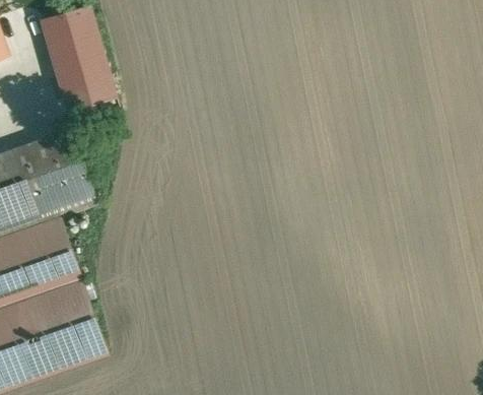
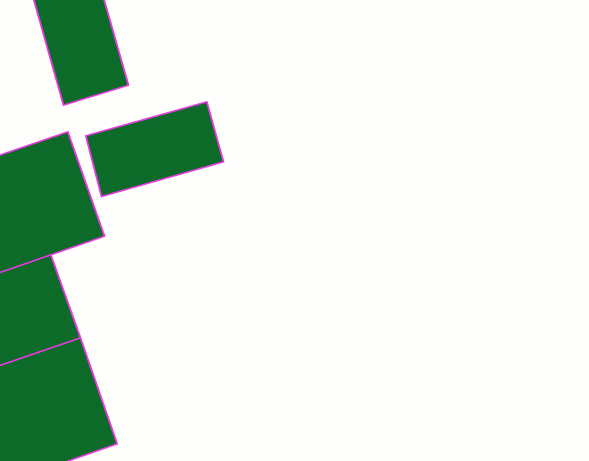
building: none -> [86,102,224,196]

